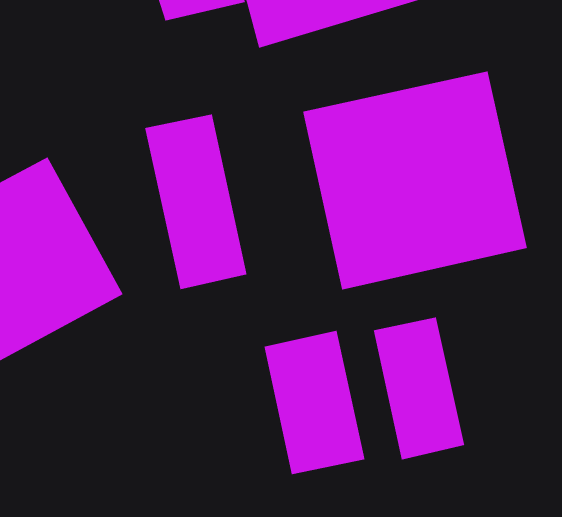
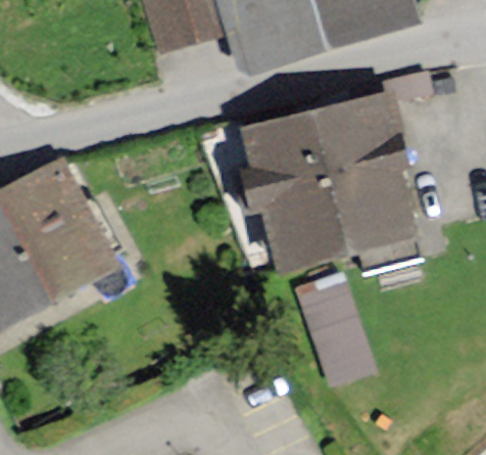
building: [144,114,247,290] -> none
building: [263,330,366,475] -> none

